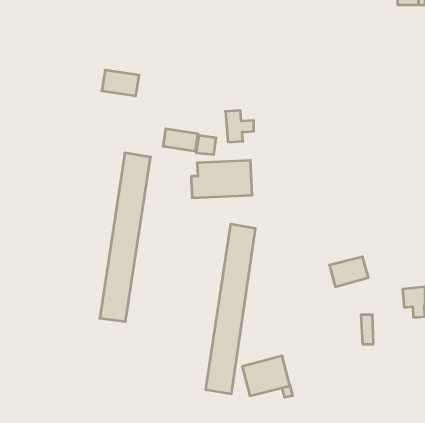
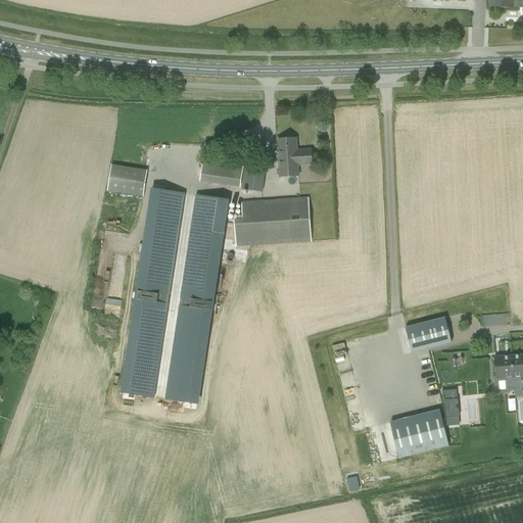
building: [102,70,139,96] -> [107,163,153,195]
building: [206,224,255,394] -> [165,194,227,402]
building: [242,356,290,396] -> [390,408,448,457]

